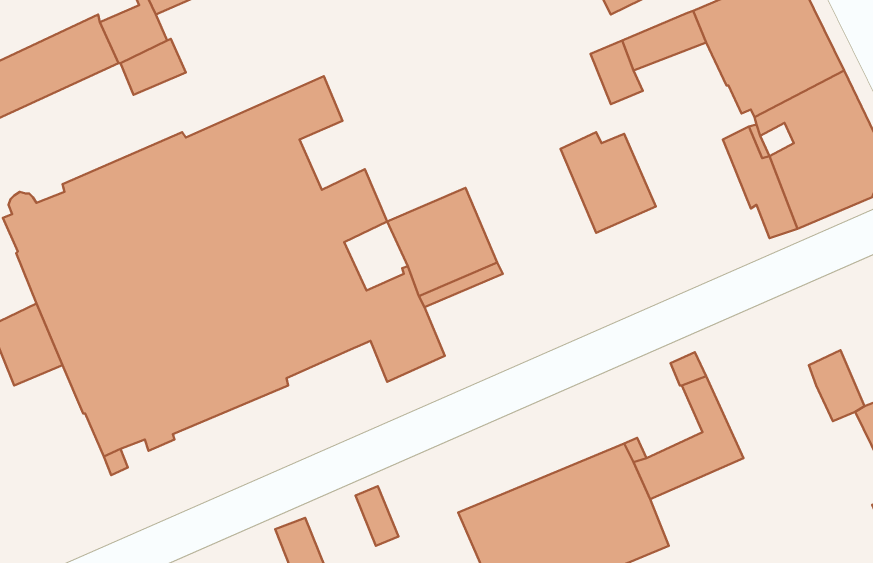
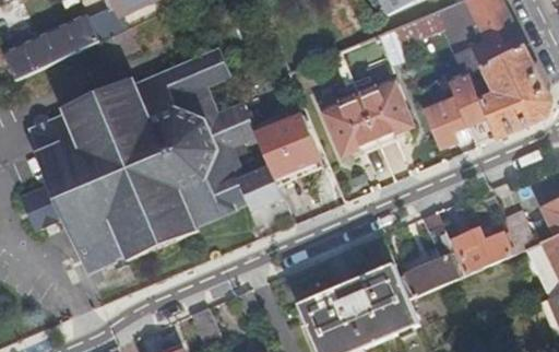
building: none -> [323,91,377,155]
building: none -> [424,96,467,148]
building: none -> [453,230,515,271]

